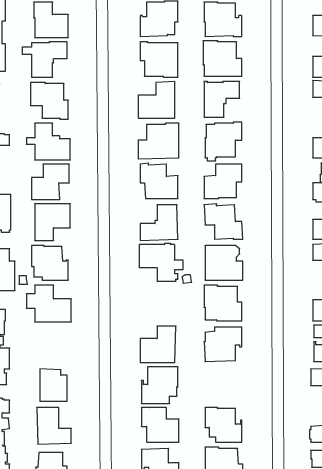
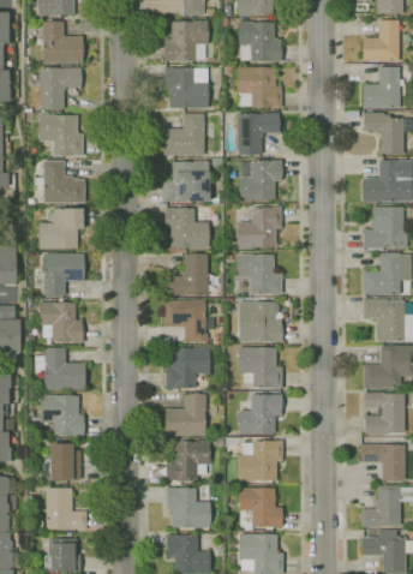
building: none -> [164,345,209,388]
building: none -> [40,395,84,435]
building: none -> [238,440,282,483]

